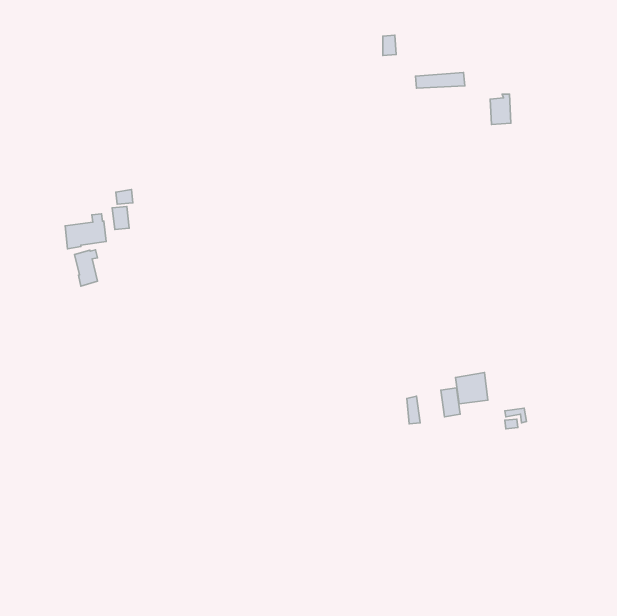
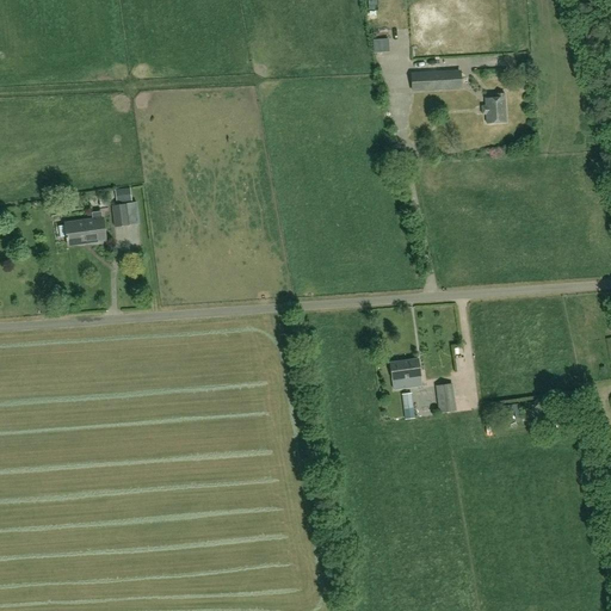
building: [75,250,98,286] -> none
building: [455,373,488,404] -> [389,358,421,389]

